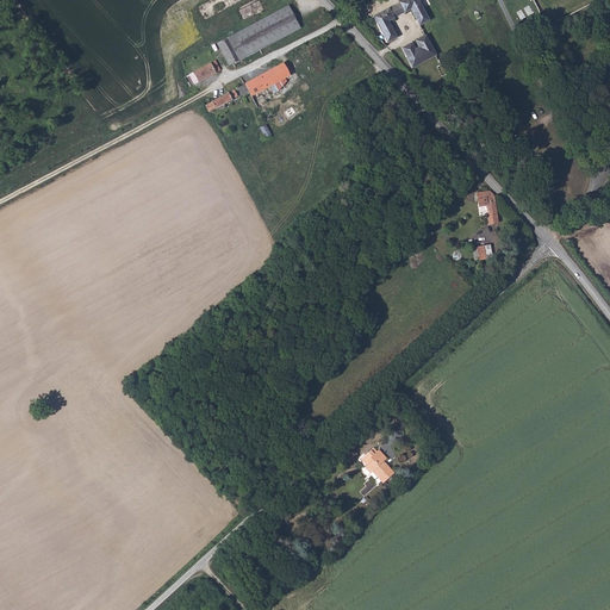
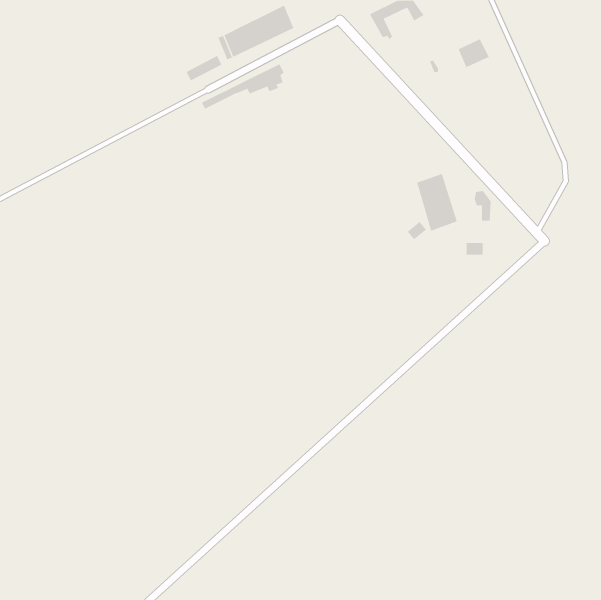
building: [403,35,435,64] -> [458,39,490,68]
building: none -> [417,173,457,232]
building: [361,450,393,485] -> none

